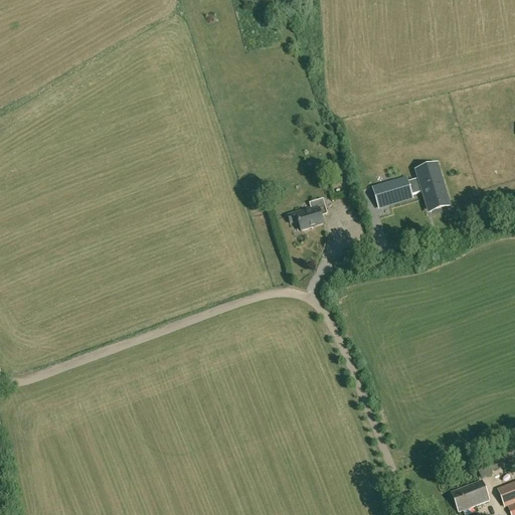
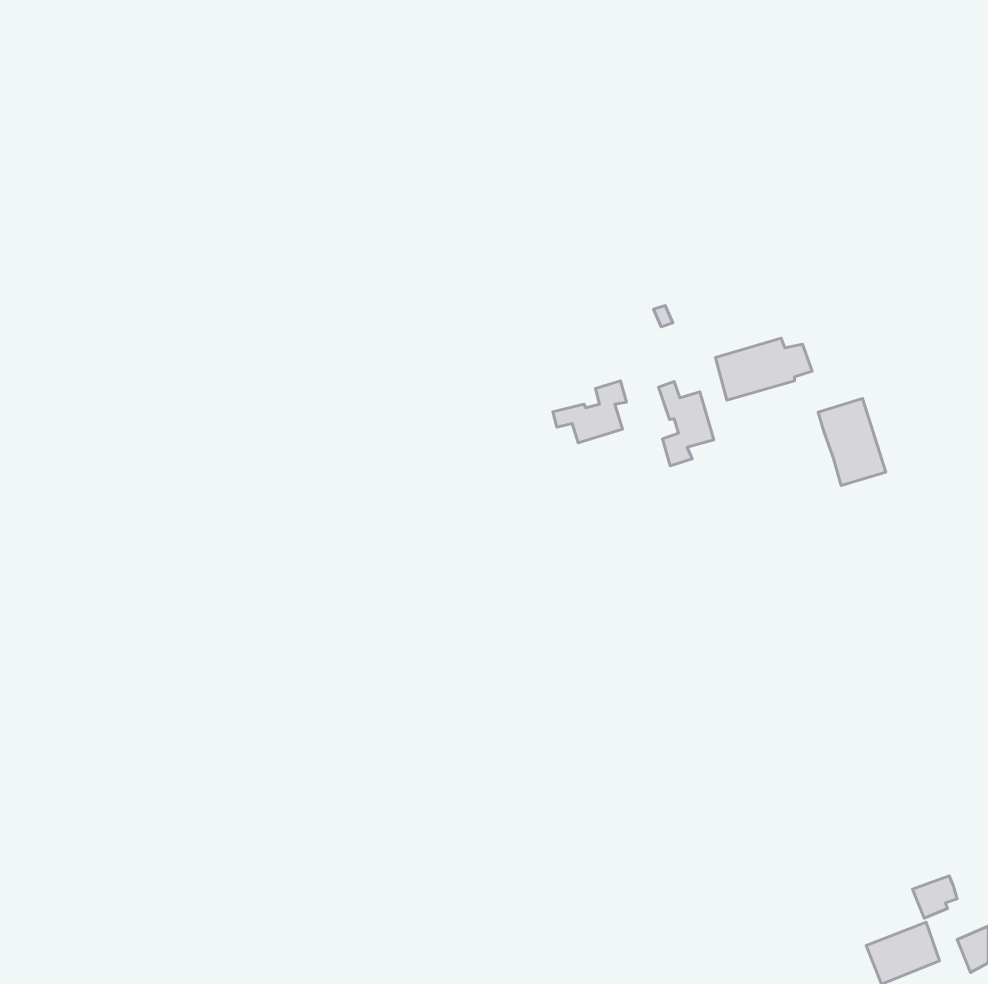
building: [414,162,450,207] -> [818,399,886,486]
building: none -> [659,382,714,466]

